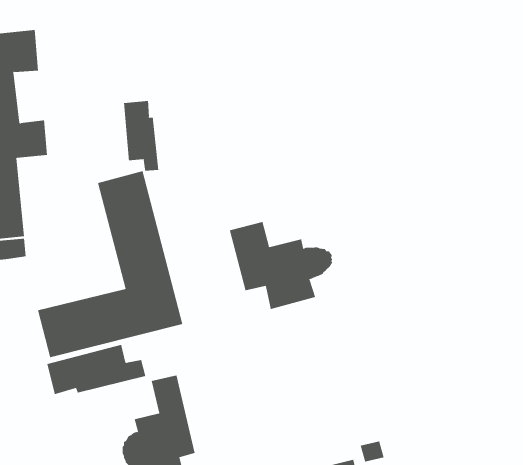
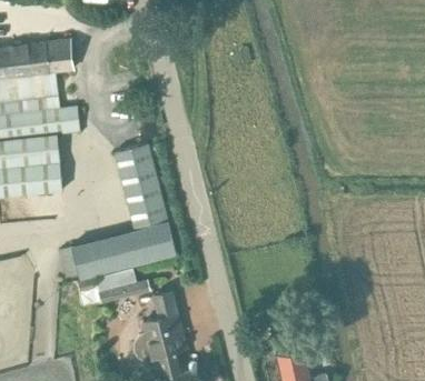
building: [124,100,159,172] -> none
building: [229,221,333,310] -> none

